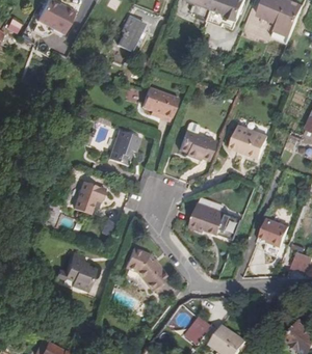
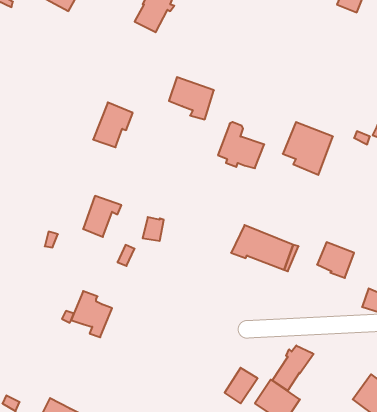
building: [108,129,139,164] -> [93,102,133,147]
building: [126,248,167,290] -> none
building: none -> [273,345,314,390]

